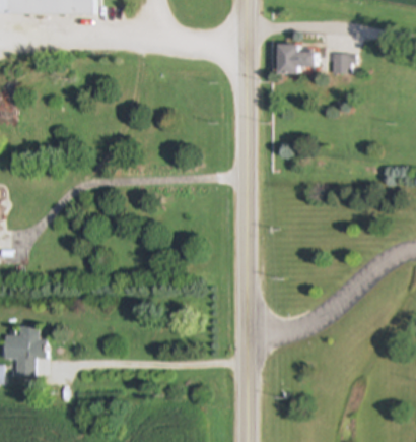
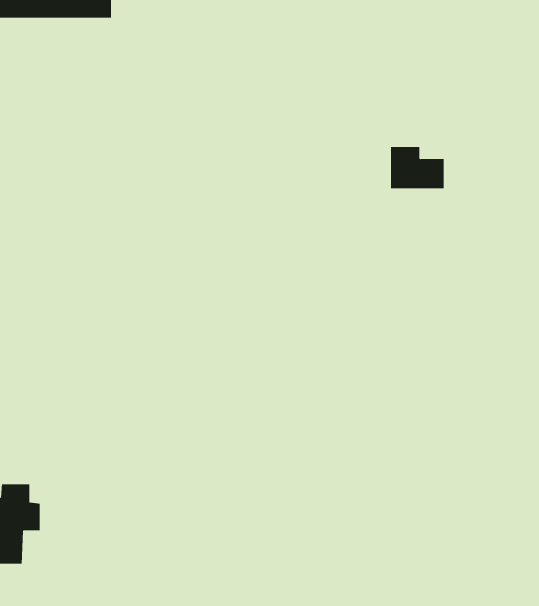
building: [278,44,315,72] -> [390,146,444,189]
building: [333,54,355,73] -> none

